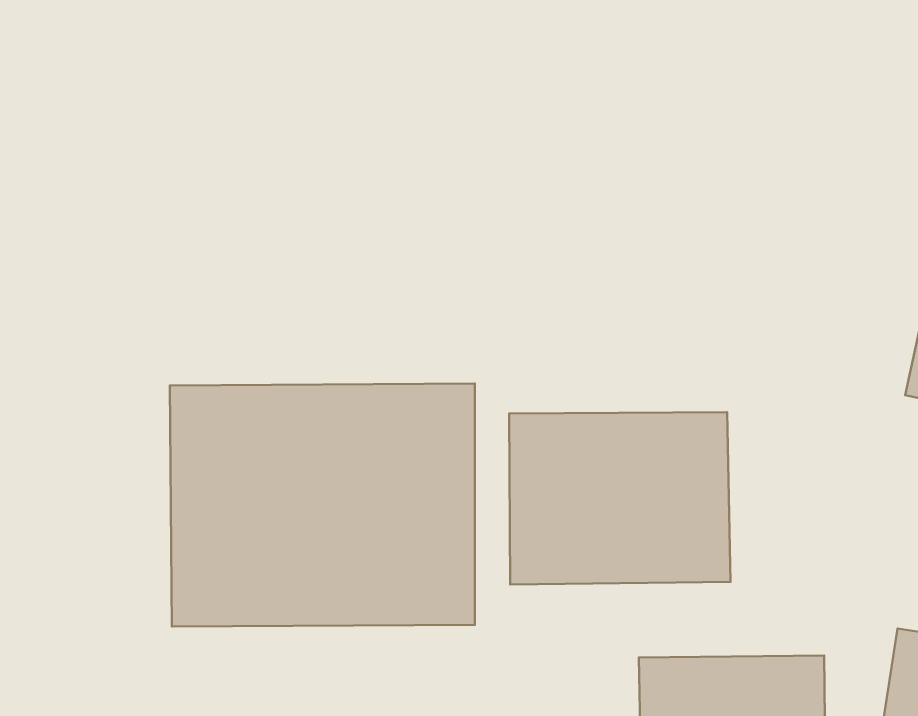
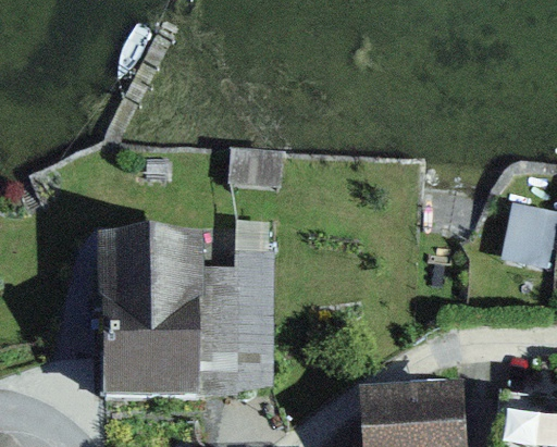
building: [509,412,731,585] -> none

